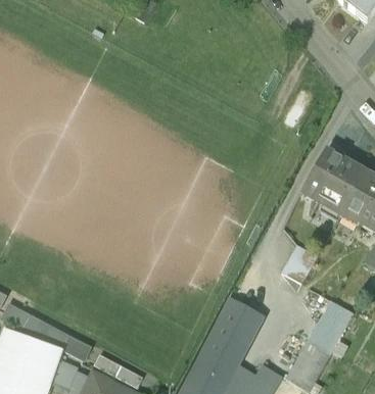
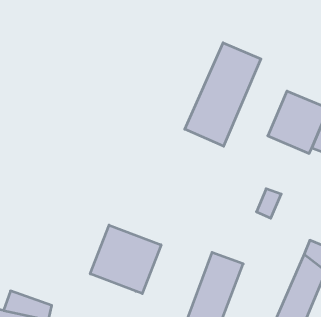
building: none -> [185,43,261,146]
building: none -> [90,225,161,294]

